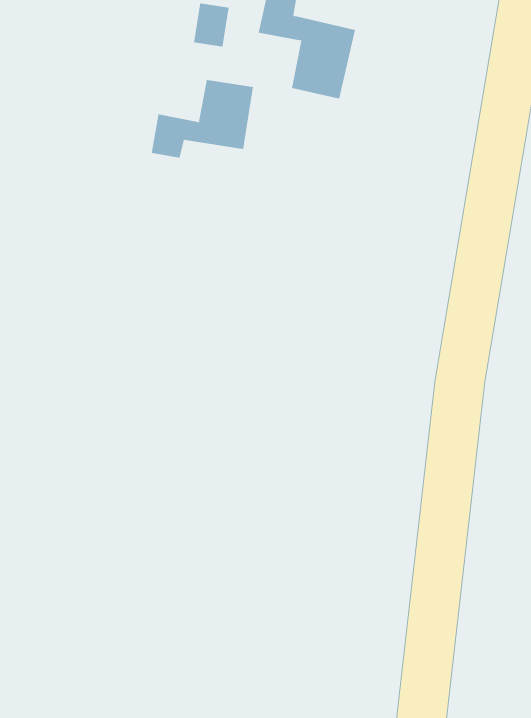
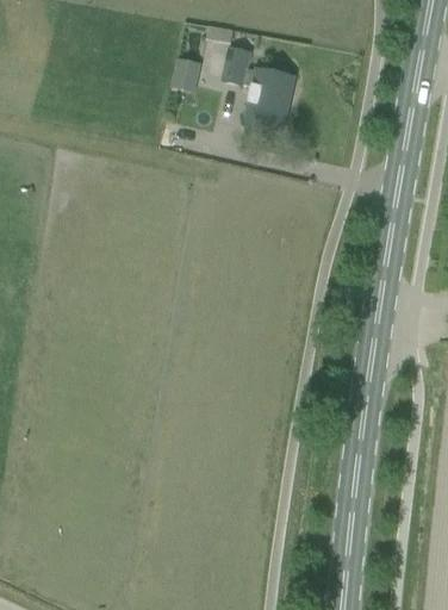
building: [151,79,254,159] -> none

